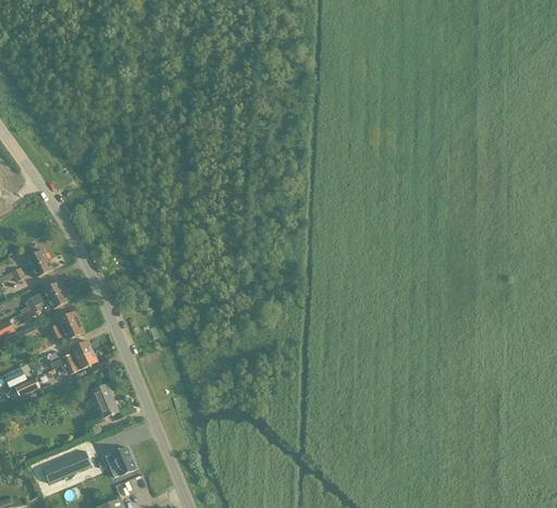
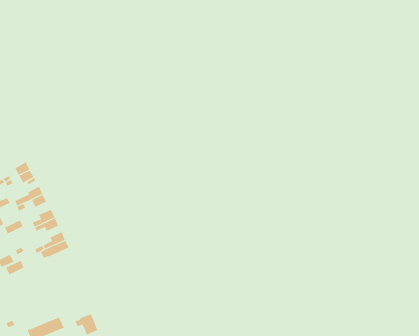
building: [90,383,117,417] -> none

